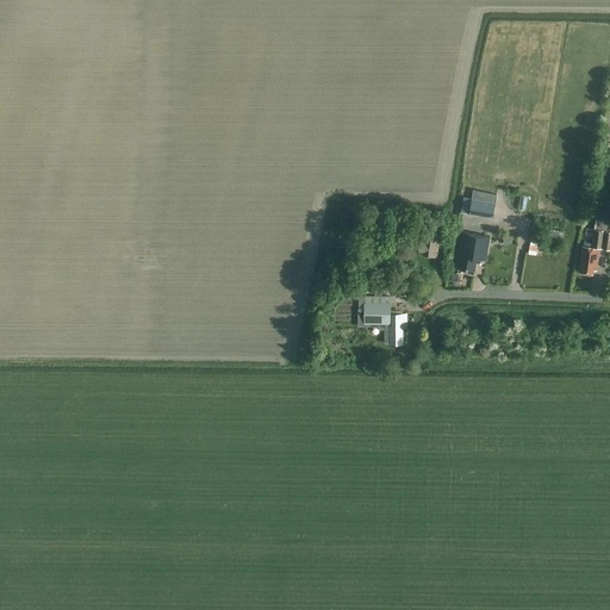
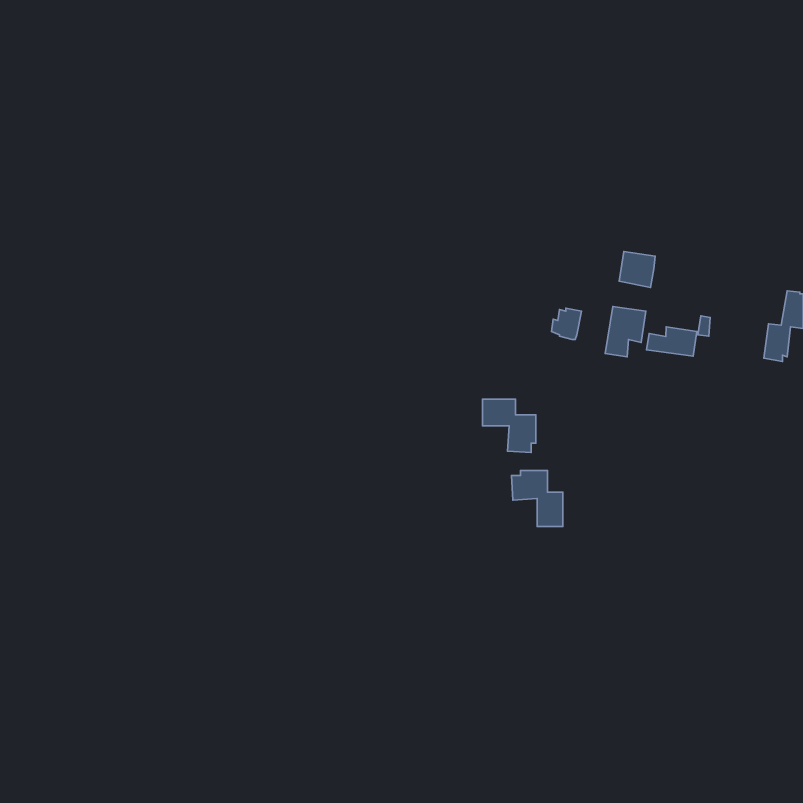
building: none -> [647,327,697,356]
building: none -> [511,471,563,527]

